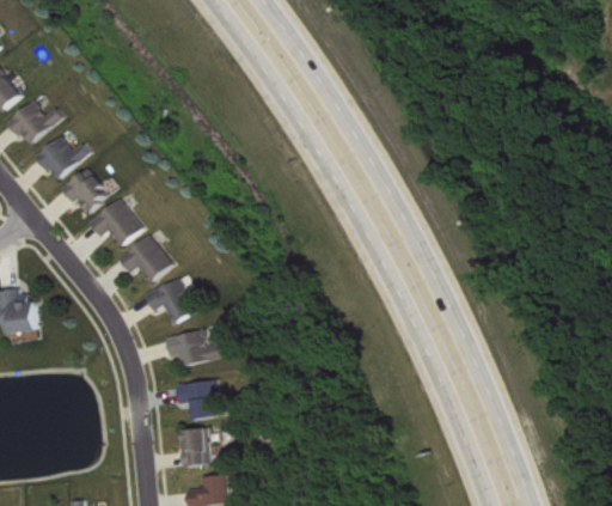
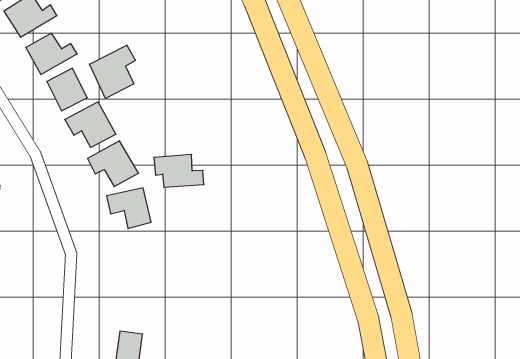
building: none -> [89,45,135,98]
building: [164,329,220,367] -> [154,154,204,187]
building: [176,380,216,420] -> none

